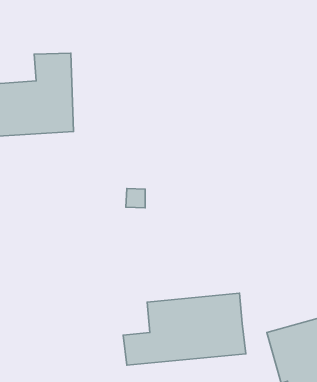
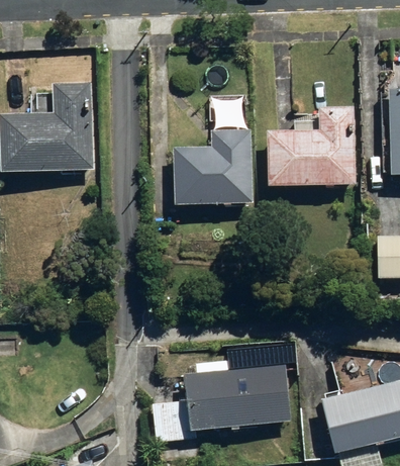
building: none -> [262,103,355,187]
building: none -> [171,126,253,204]

